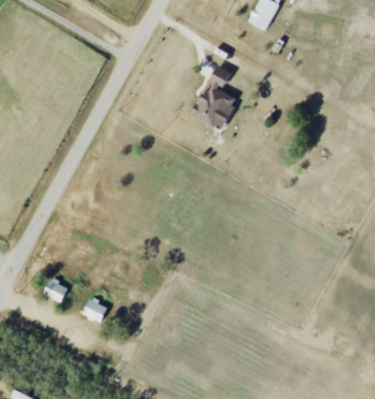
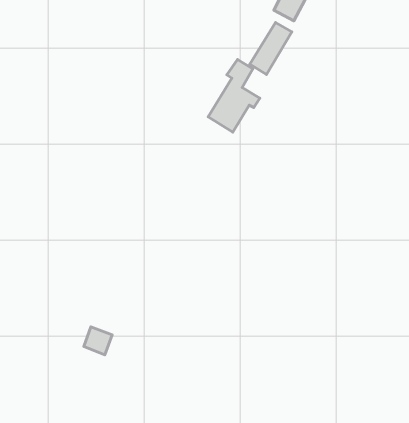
building: none -> [250,23,292,74]
building: [42,279,68,303] -> none

